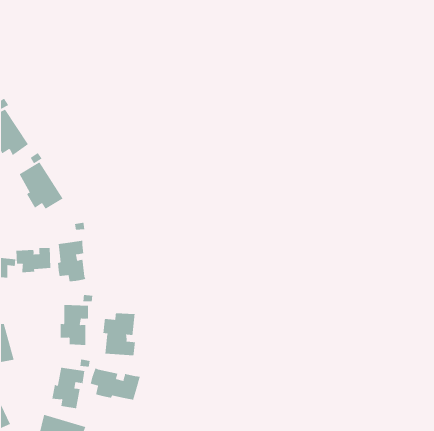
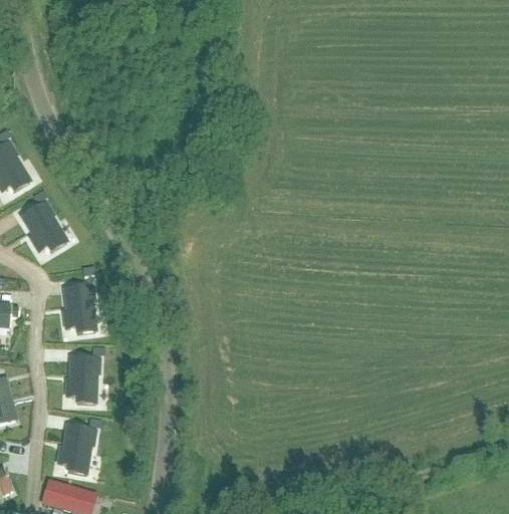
building: [16,247,51,273] -> none
building: [103,312,135,356] -> none
building: [90,368,140,401] -> none

